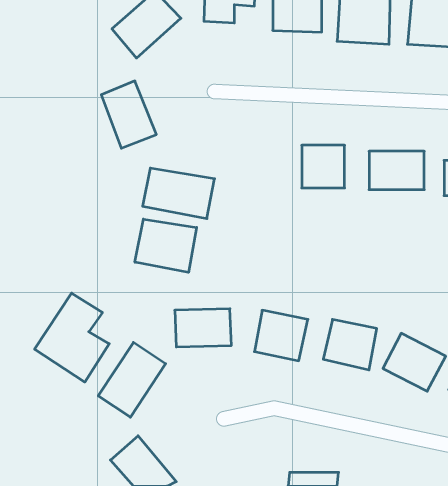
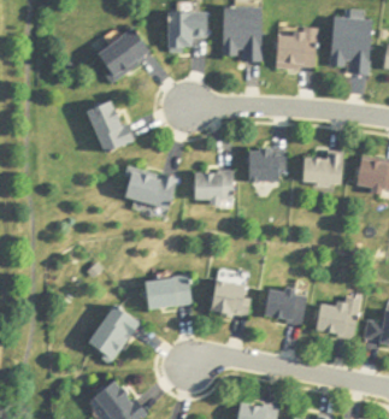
building: none -> [193,172,232,200]
building: [135,219,197,272] -> none
building: [35,293,109,382] -> none

